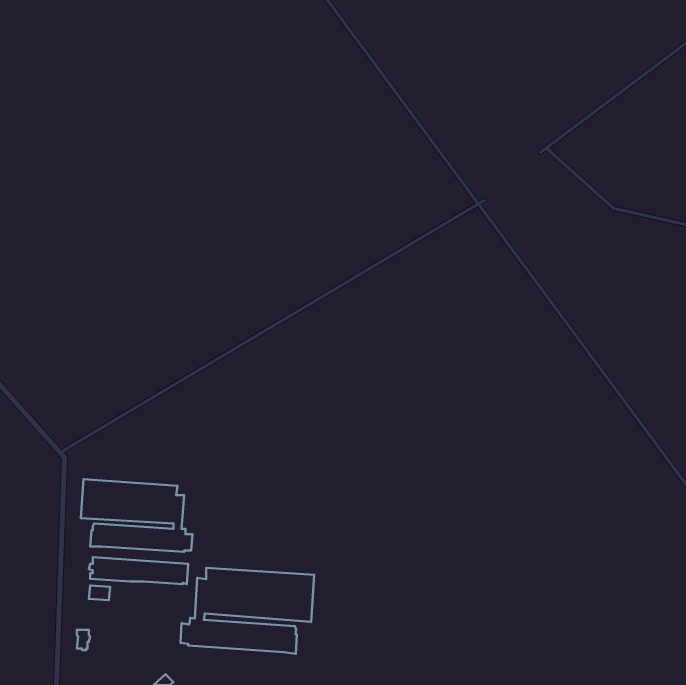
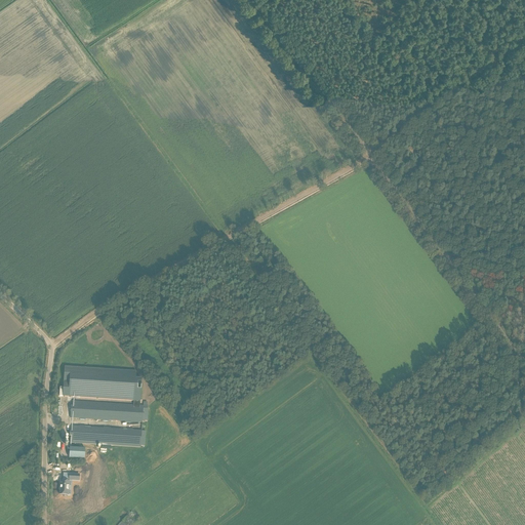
building: [181,568,314,654] -> none

